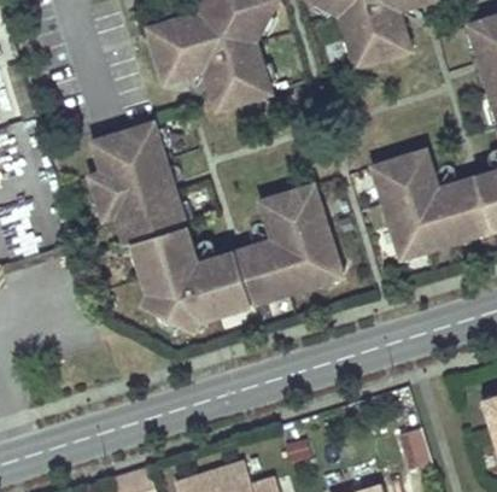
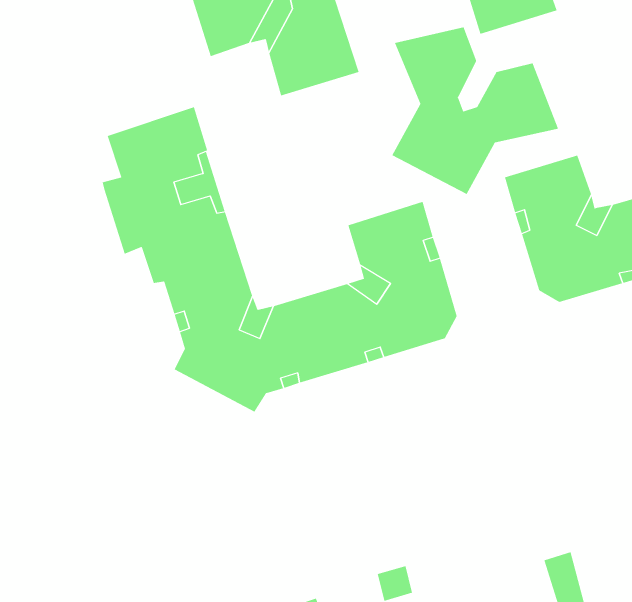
building: none -> [391,27,559,195]

